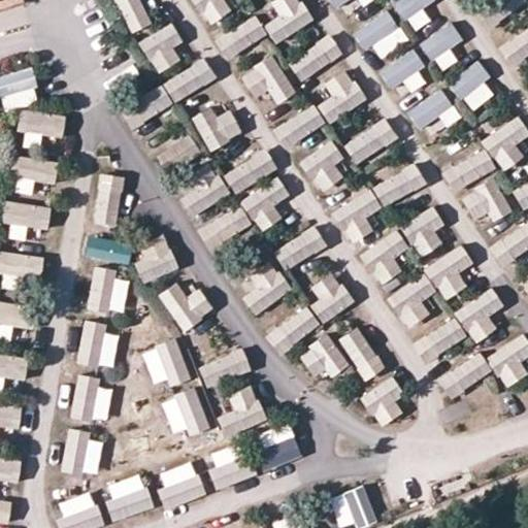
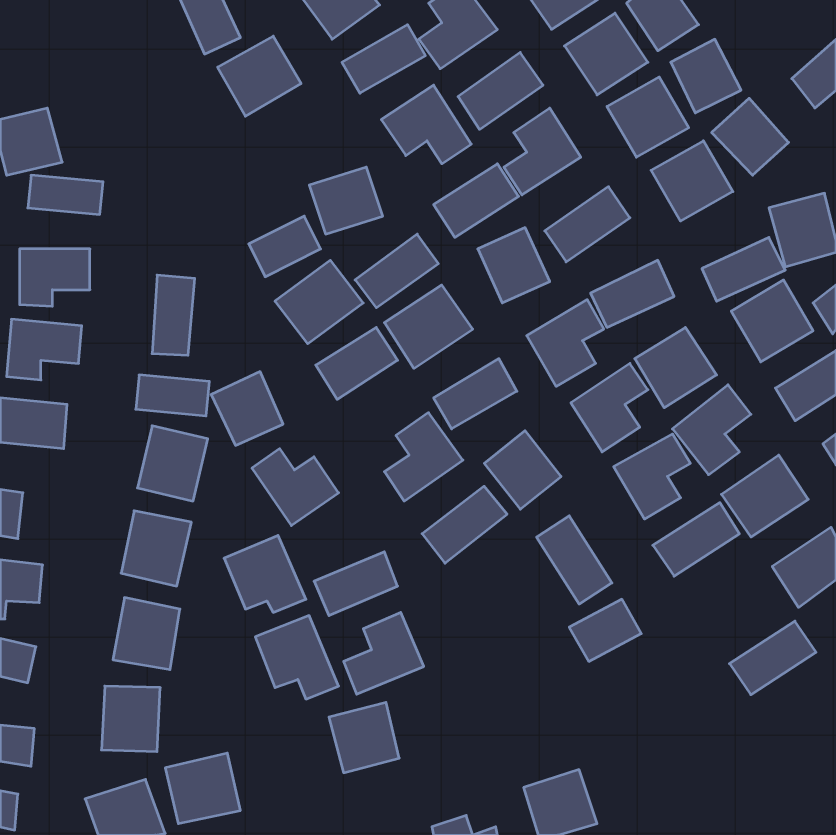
building: [120,58,216,130] -> none
building: [298,333,348,382] -> none
building: [437,352,492,398] -> [729,621,816,695]
building: [253,422,289,469] -> none
building: [157,462,203,506] -> none

